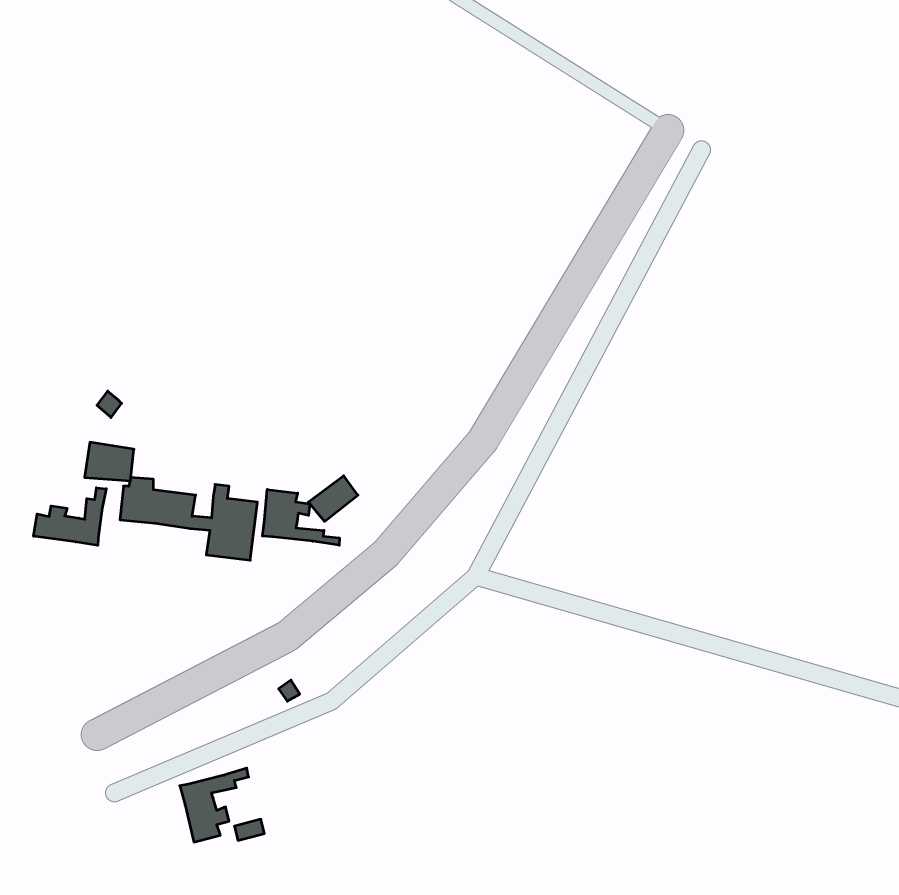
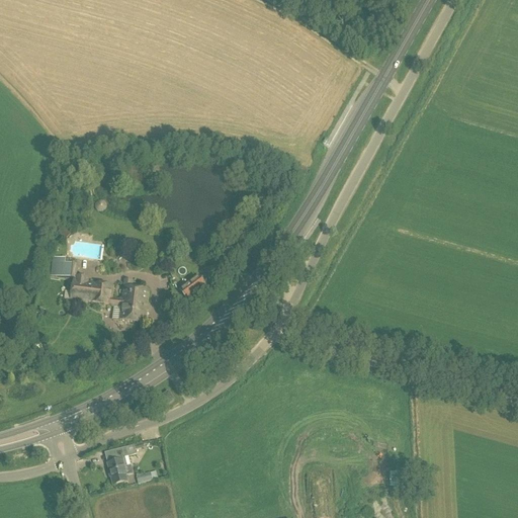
building: [34,488,106,545] -> none
building: [262,489,339,545] -> none

